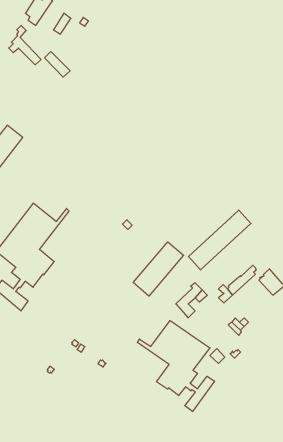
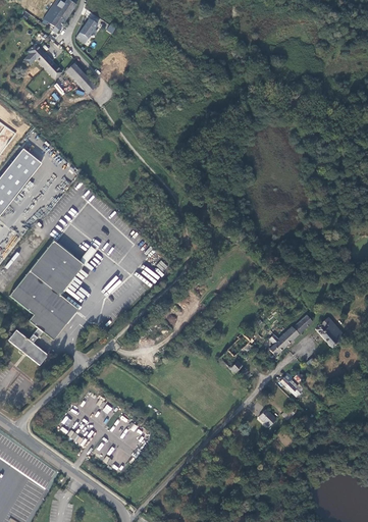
building: [188,210,251,270] -> none
building: [133,242,184,296] -> none
building: [137,321,215,412] -> none

